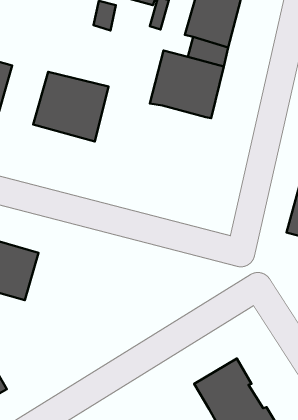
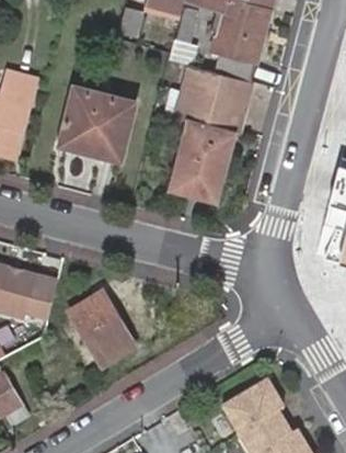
building: none -> [171,122,234,200]
building: none -> [71,296,134,363]

